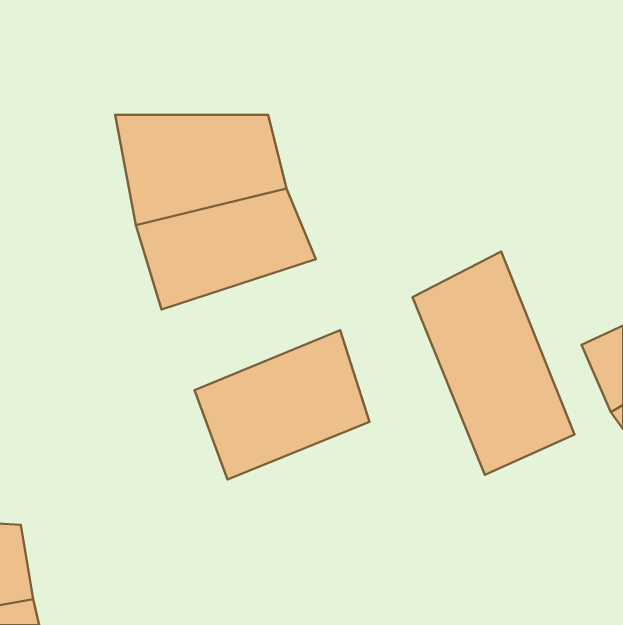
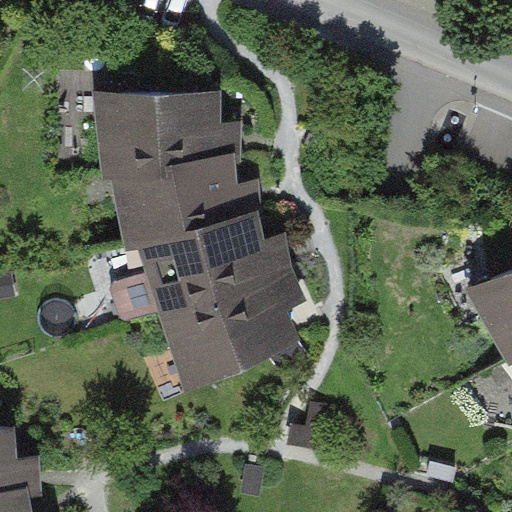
building: [413,251,574,475] -> none
building: none -> [132,212,278,319]

